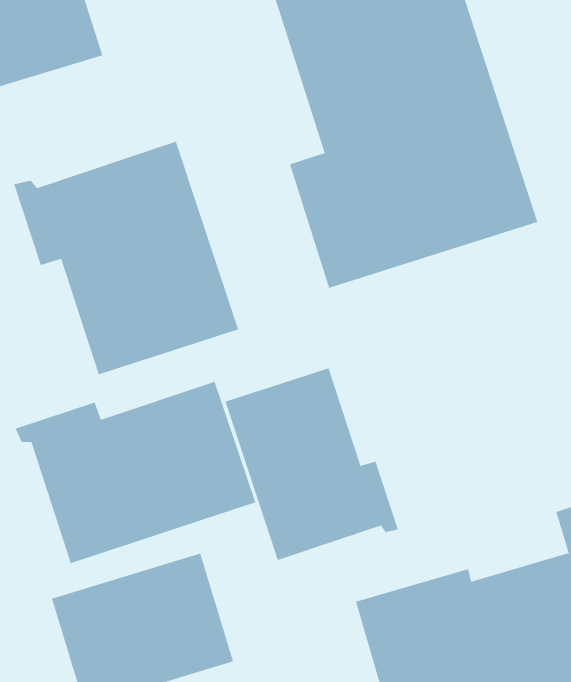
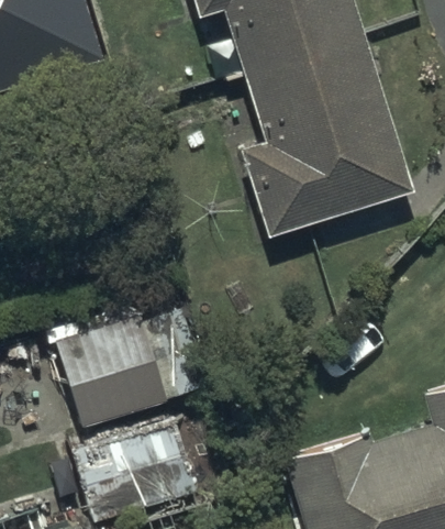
building: [14,141,239,375] -> none
building: [225,368,398,561] -> none

